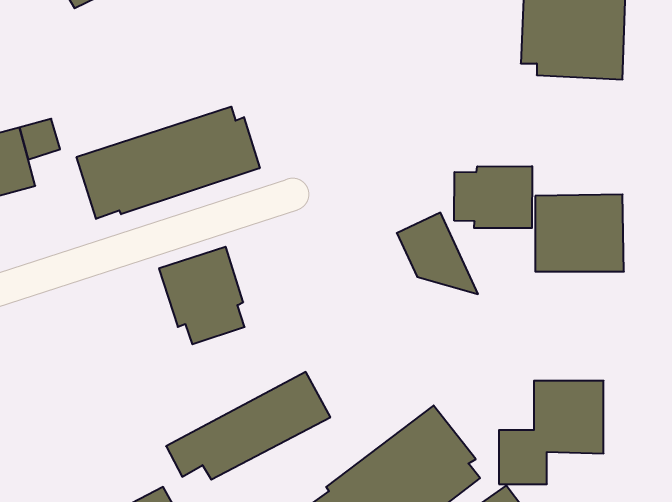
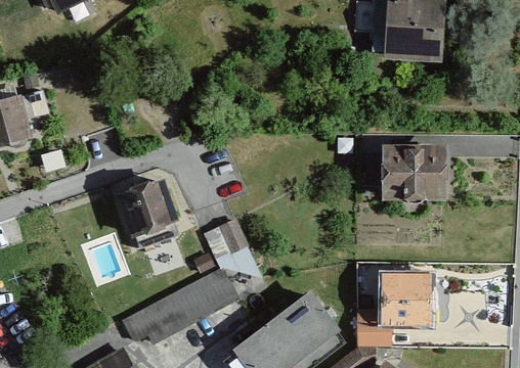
building: [77,107,260,219] -> none
building: [454,166,532,228] -> none
building: [397,213,478,294] -> [204,220,261,277]

